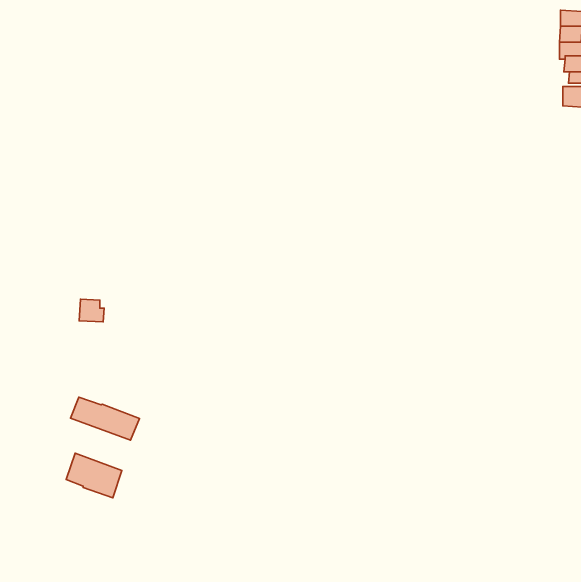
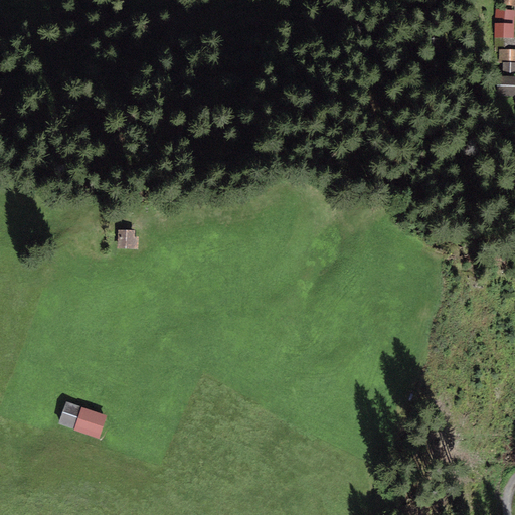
building: [79,299,104,322] -> [118,229,140,249]
building: [71,397,140,440] -> none

